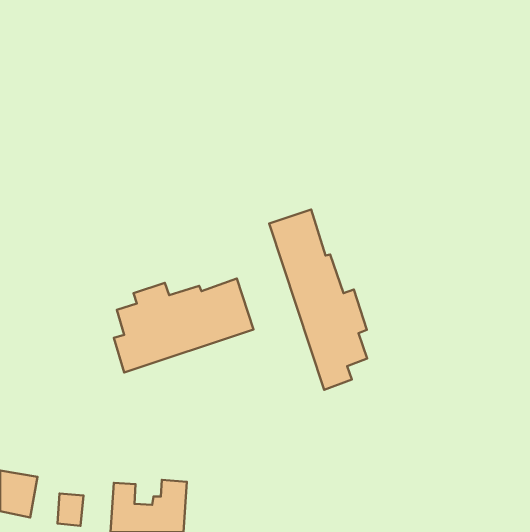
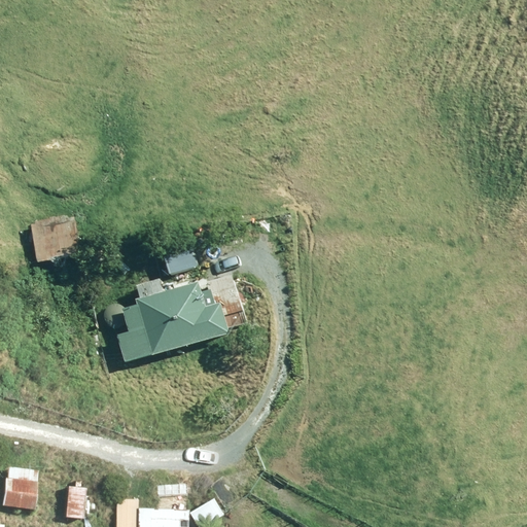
building: [269,209,367,390] -> none
building: none -> [32,220,81,270]

